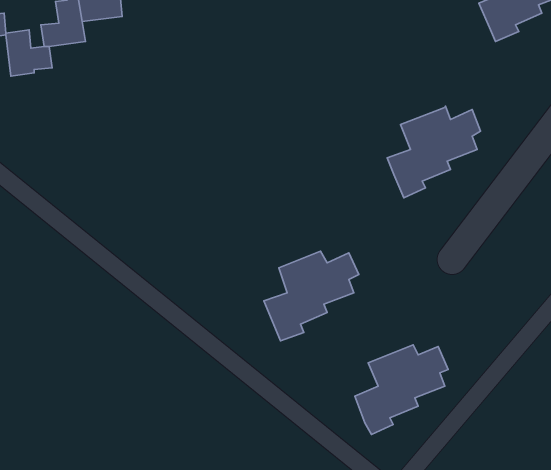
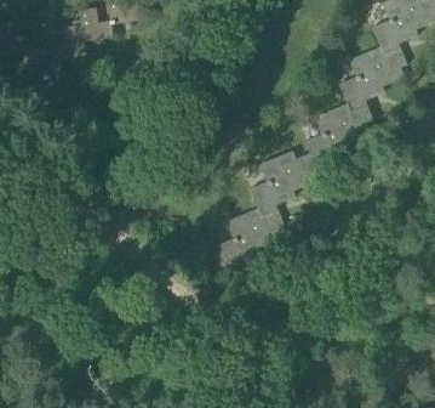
building: none -> [337,46,406,112]
building: [355,345,448,435] -> [248,151,316,216]

